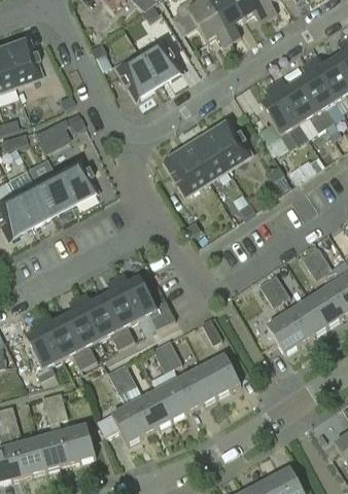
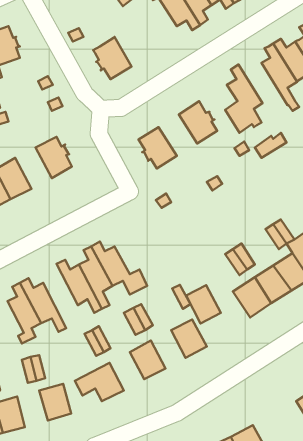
building: [140,39,181,84] -> none
building: [273,77,325,138] -> none
building: [34,118,70,153] -> none
building: [187,136,229,180] -> none
building: [34,171,73,215] -> none
building: [64,295,101,364] -> none
building: [179,366,216,408] -> [186,285,221,324]
building: [135,390,172,431] -> none
building: [36,431,69,470] -> none

